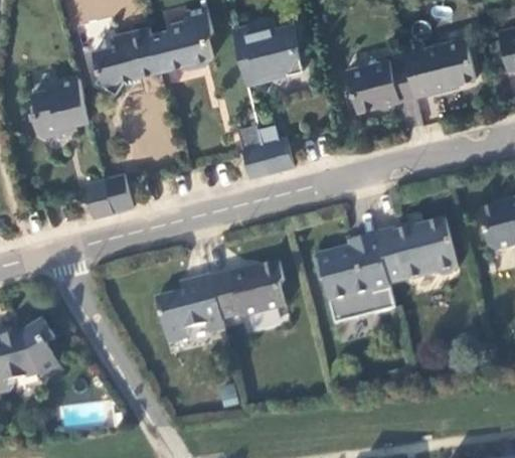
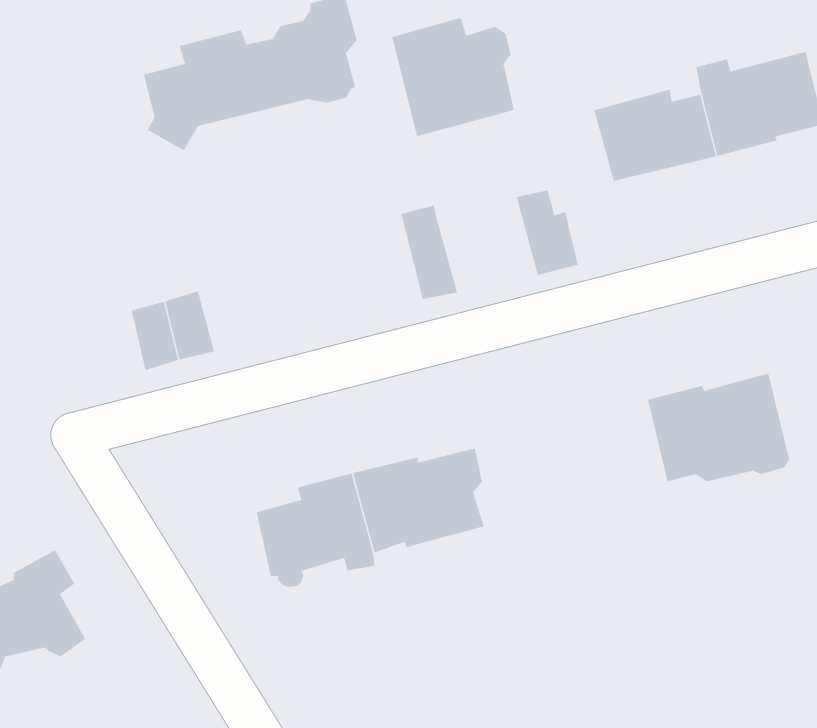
building: [32,77,90,137] -> none
building: [258,126,293,174] -> [516,190,578,276]
building: [314,235,394,324] -> none

